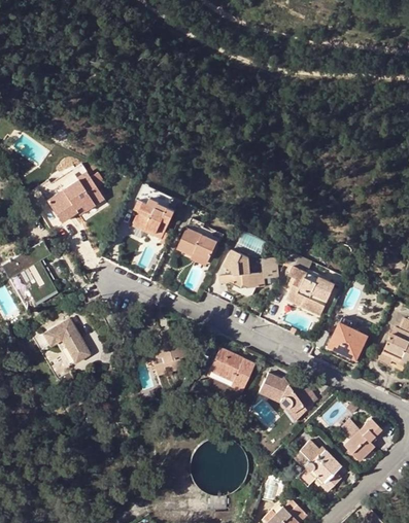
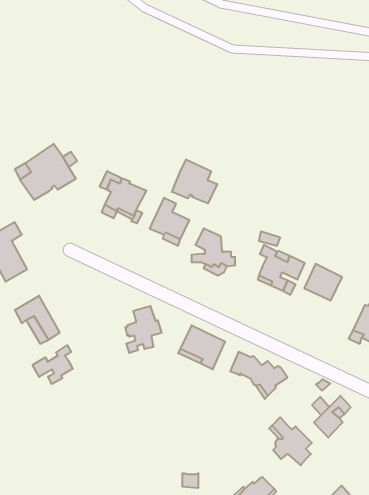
building: none -> [172,159,217,203]
building: [330,322,368,359] -> [304,264,342,301]
building: none -> [33,345,73,384]

